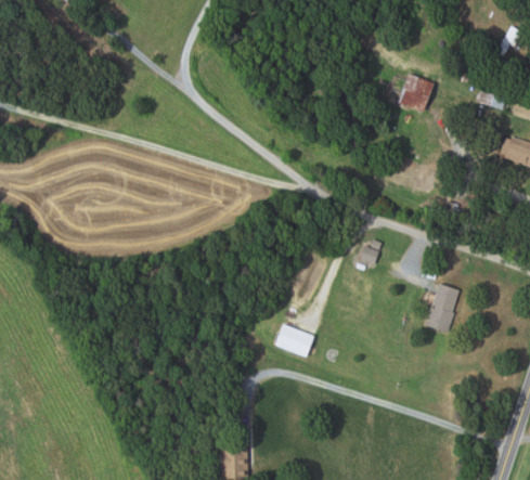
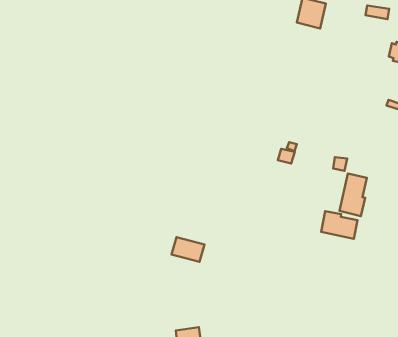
building: none -> [321,211,358,239]
building: [274,326,313,358] -> [172,237,204,262]

